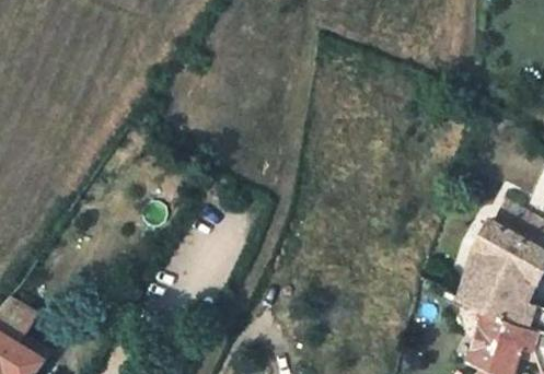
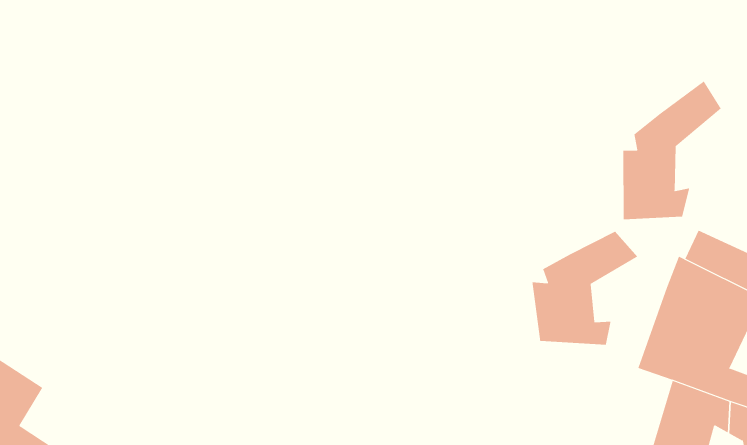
building: none -> [623,81,722,220]
building: none -> [532,231,638,345]

